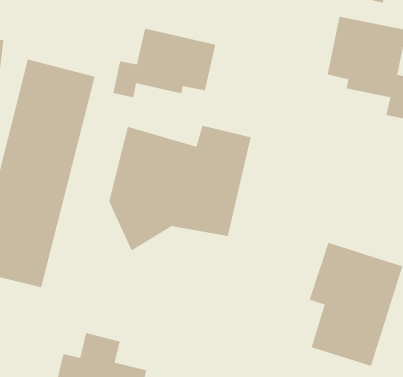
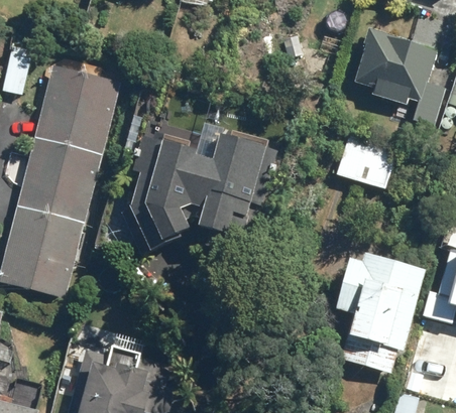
building: [113,28,216,98] -> none
building: none -> [337,134,395,185]

